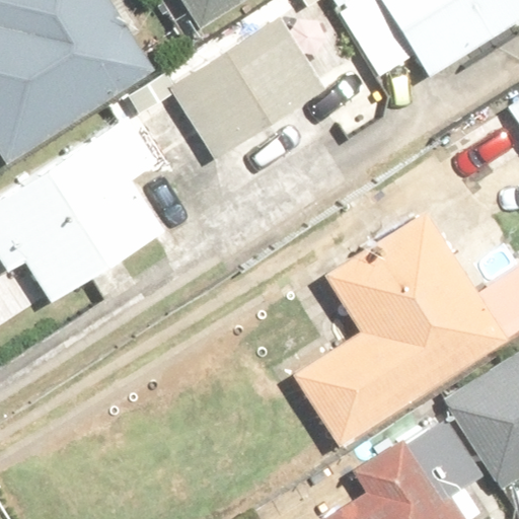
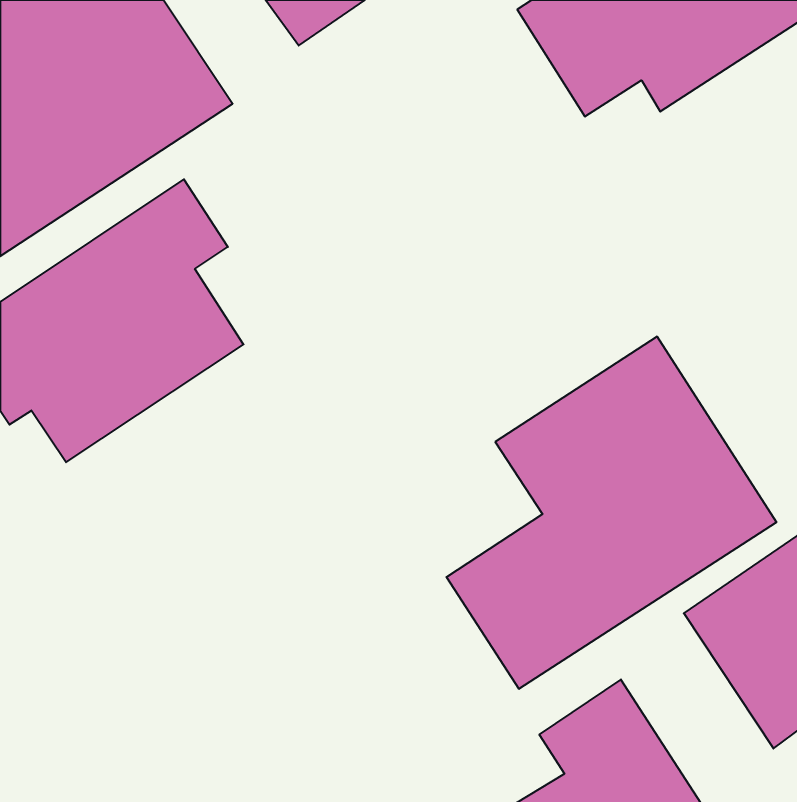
building: [130,8,333,189] -> none

